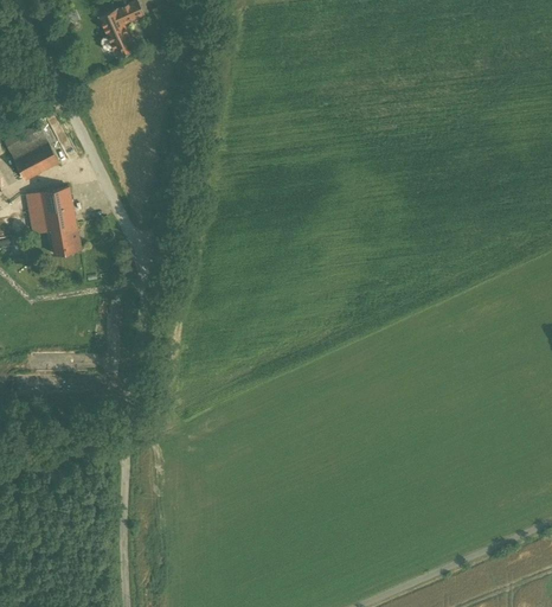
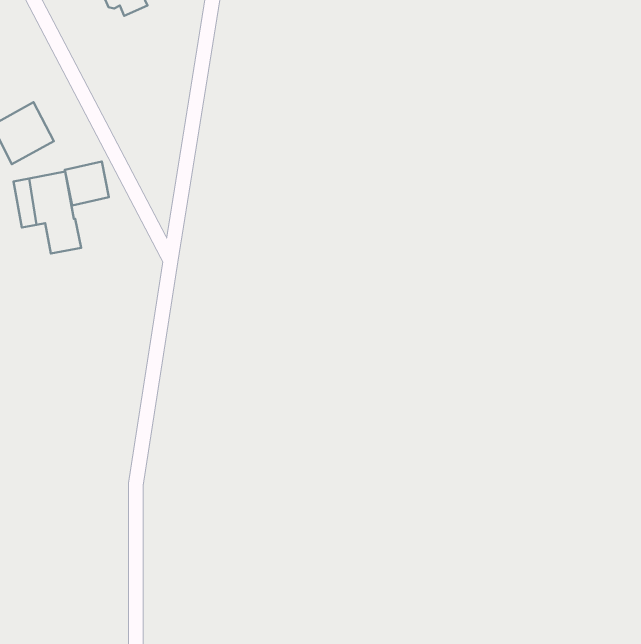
building: none -> [65,162,109,205]

